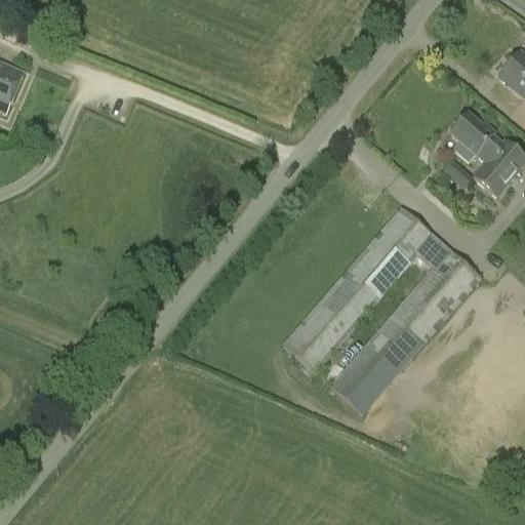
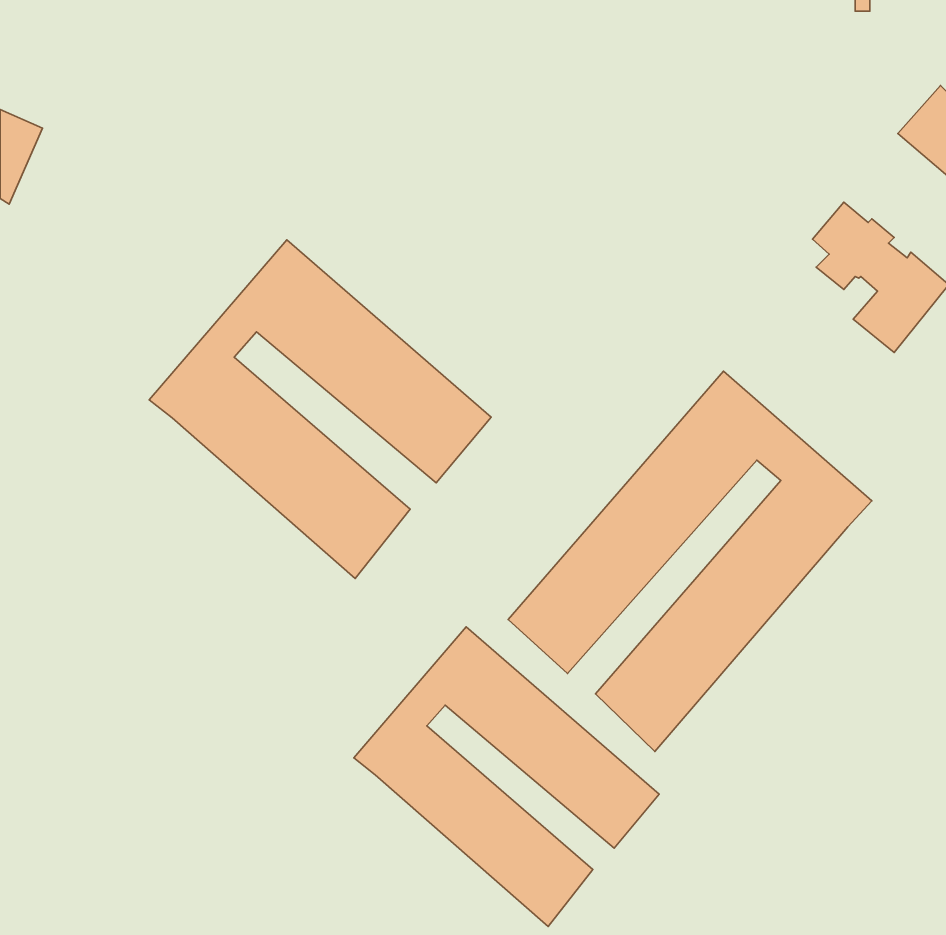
building: none -> [149,240,491,579]
building: none -> [354,627,659,926]

